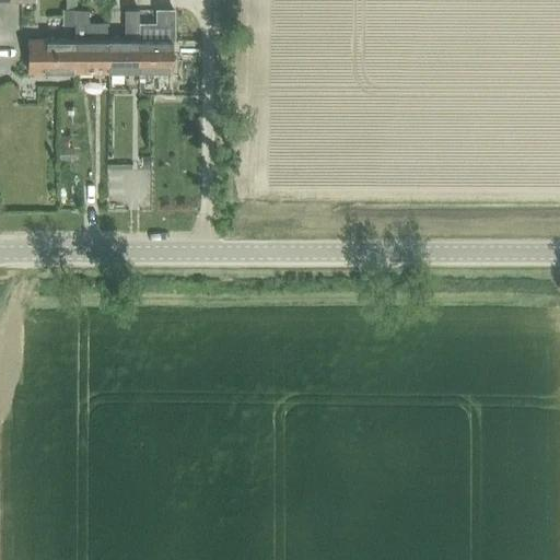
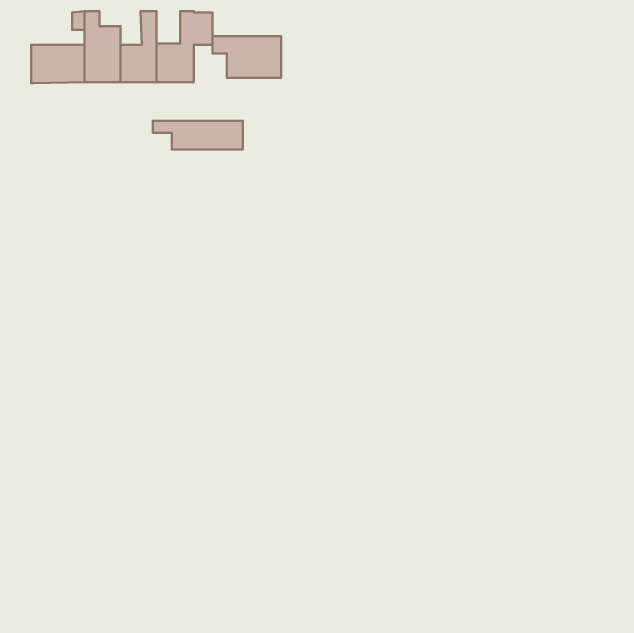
building: none -> [213,36,281,78]
building: none -> [153,121,243,149]

